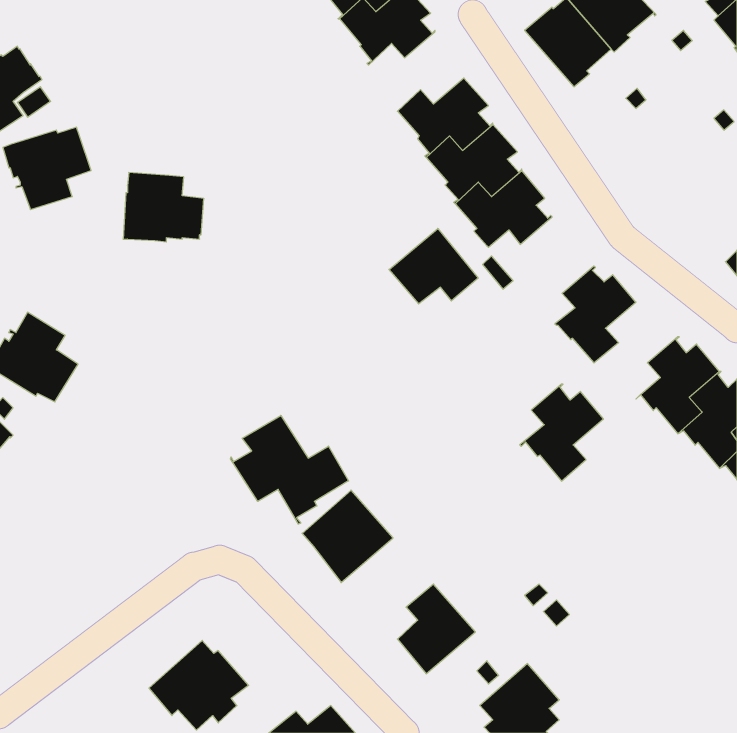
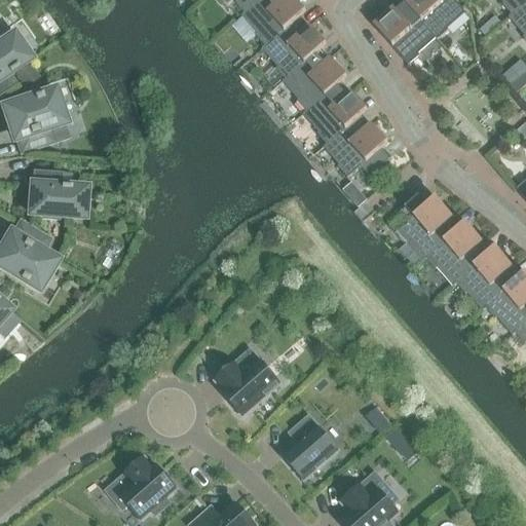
building: none -> [262,23,330,79]
building: [123,173,204,242] -> [28,168,85,218]
building: [389,228,478,304] -> none
building: [520,384,603,481] -> [422,215,482,284]
building: [231,415,349,524] -> none

